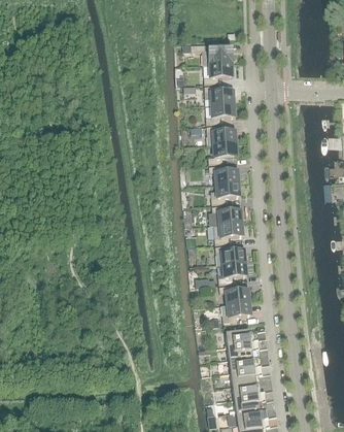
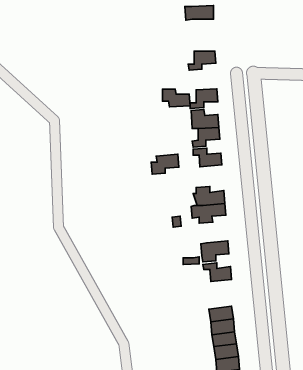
building: [201,48,231,64] -> [185,5,213,20]
building: [204,85,233,103] -> [162,89,190,107]
building: [210,181,239,202] -> [151,154,179,174]
building: [214,244,244,264] -> none
building: [220,301,250,323] -> none

